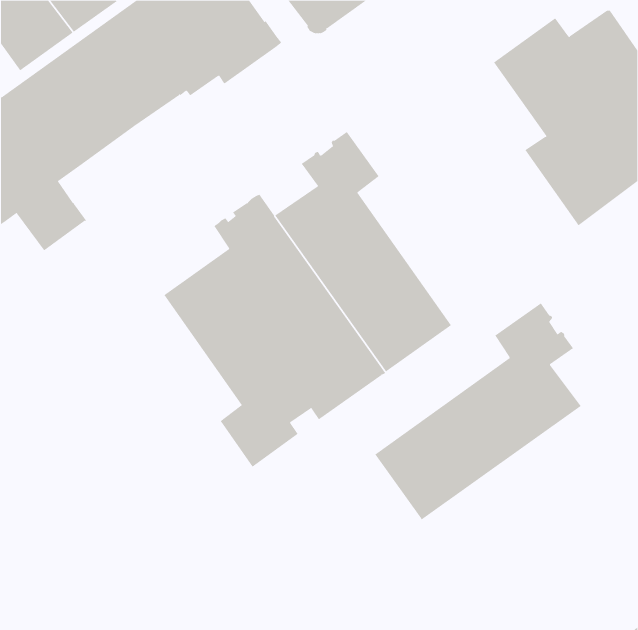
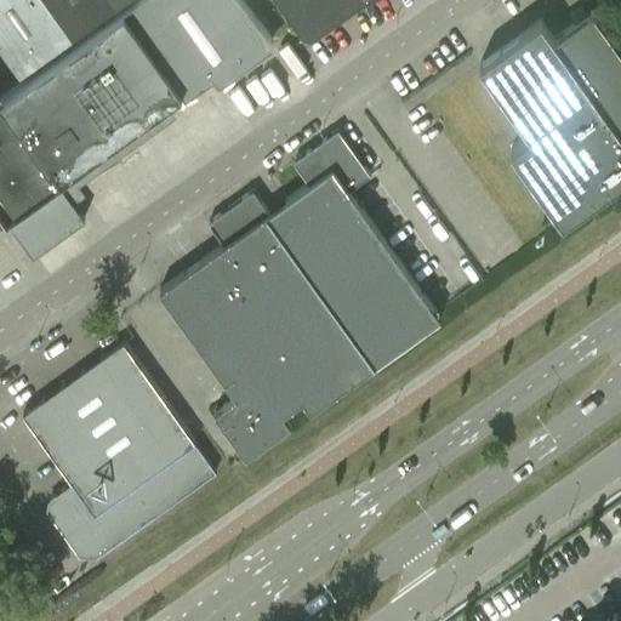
building: [374,303,581,521] -> none
building: none -> [22,347,216,563]

